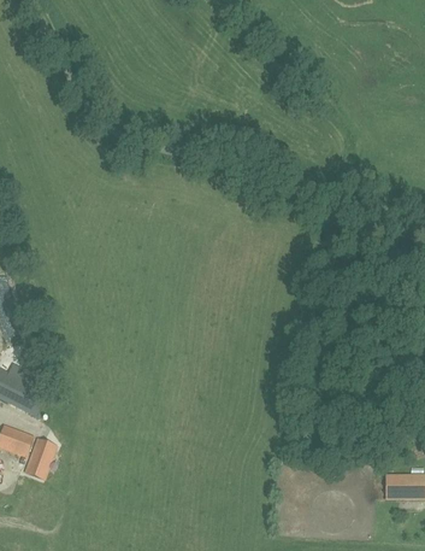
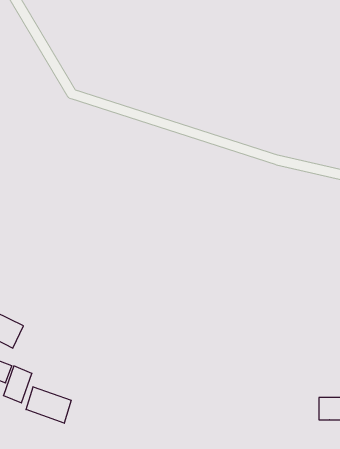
building: none -> [26,387,71,423]

